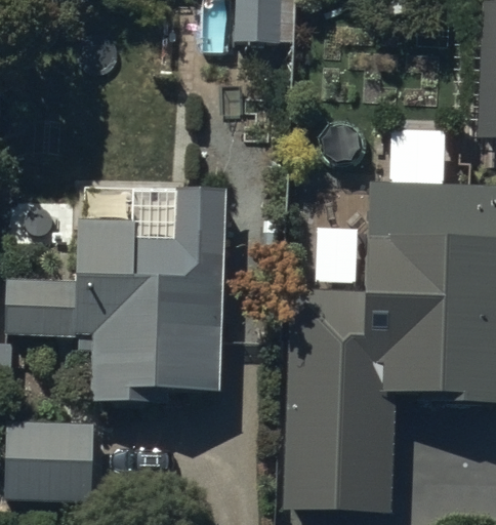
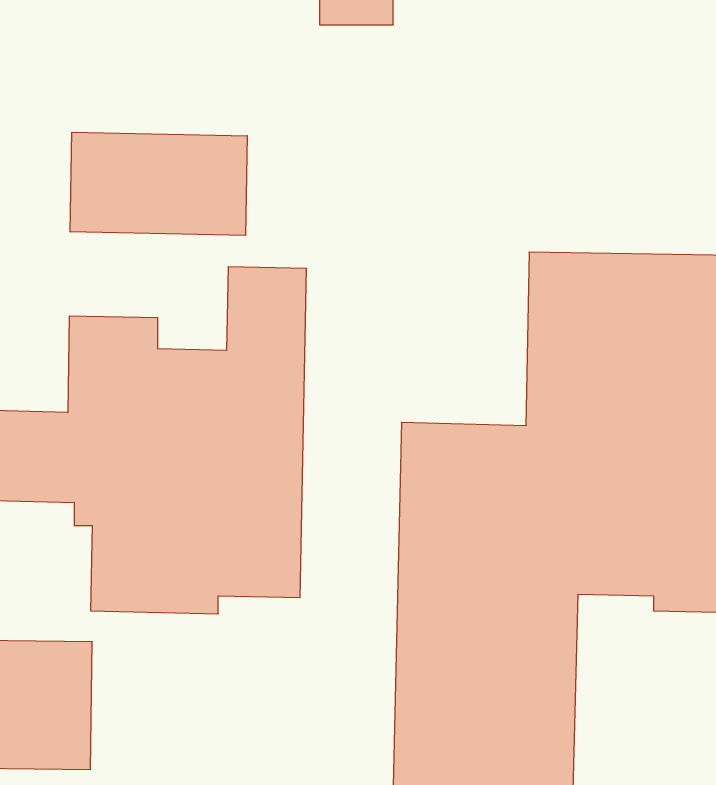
building: none -> [70,132,247,235]

